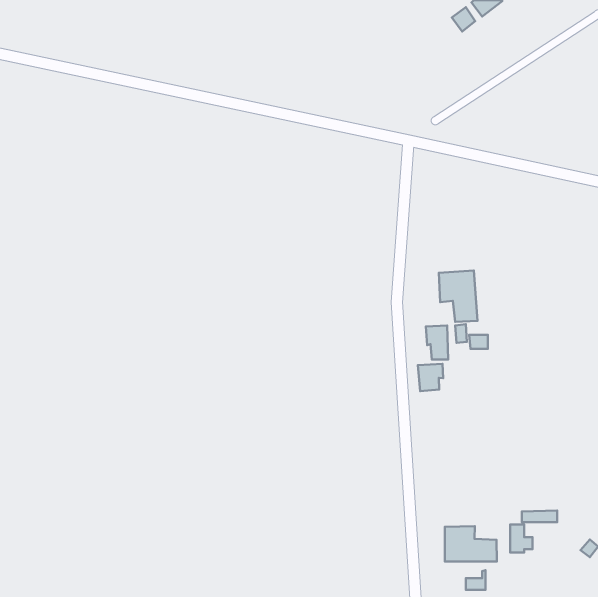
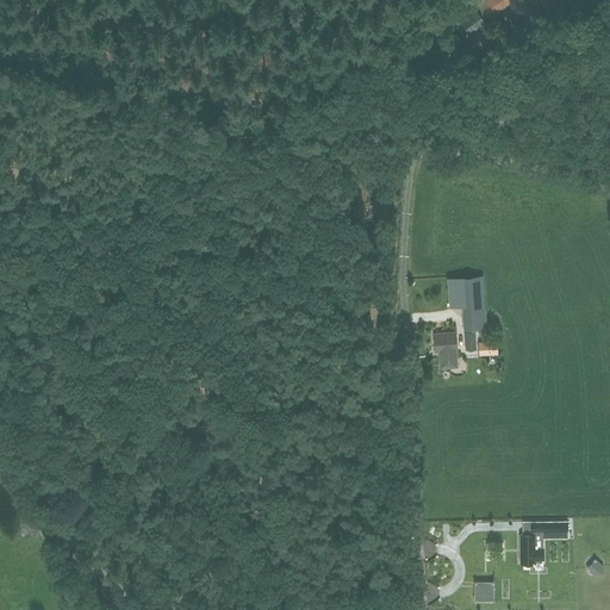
building: [418,364,443,391] -> none
building: [445,526,497,562] -> none

